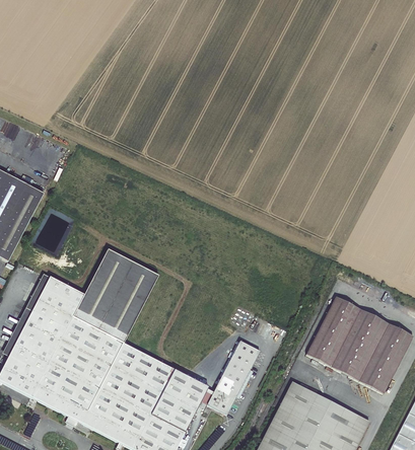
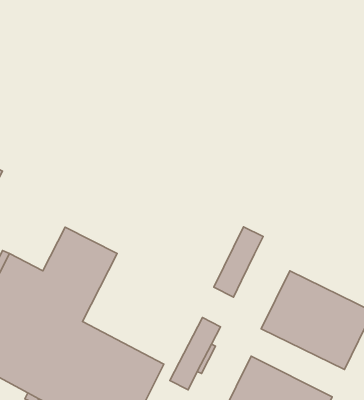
building: none -> [214,227,263,297]

